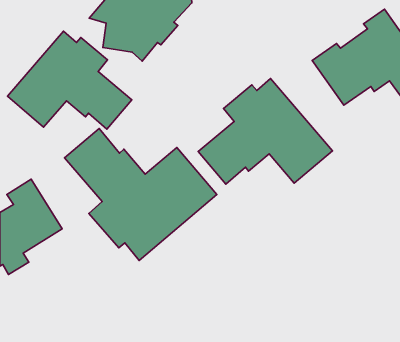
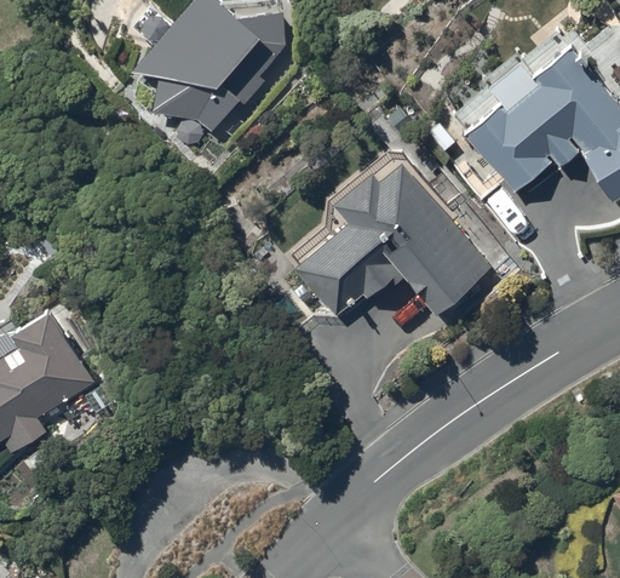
building: [8,31,132,129] -> none
building: [64,128,217,260] -> none

